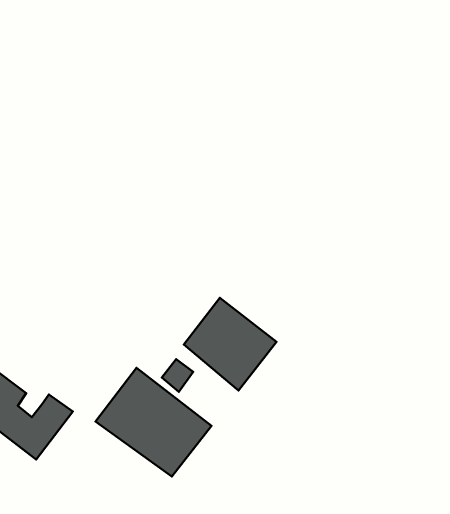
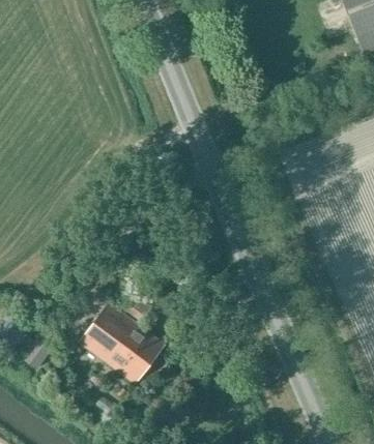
building: [184,298,277,390] -> none

